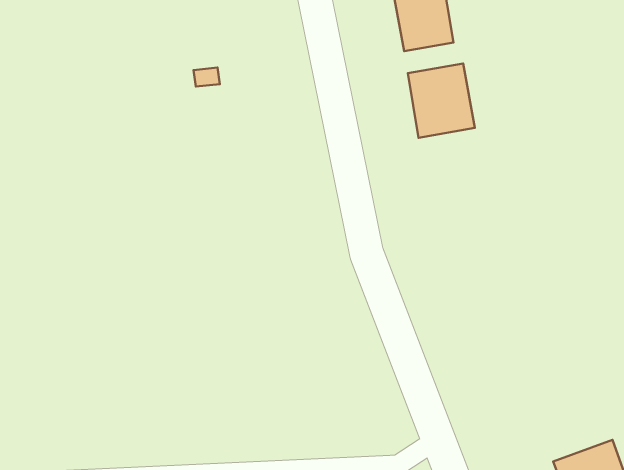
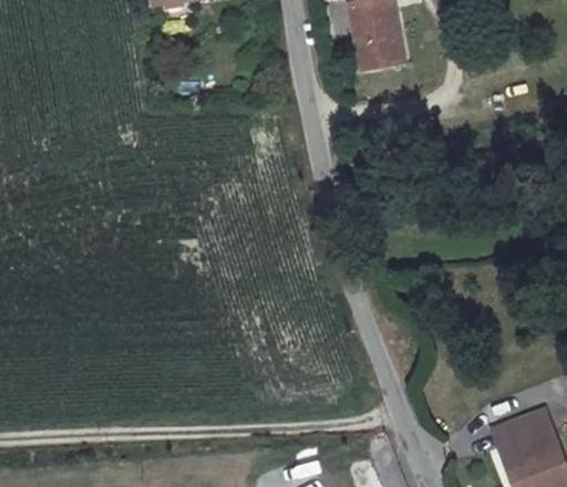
building: [408,64,475,138] -> none

